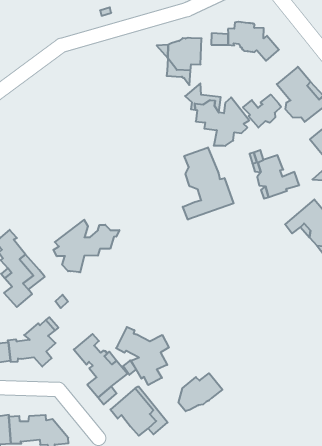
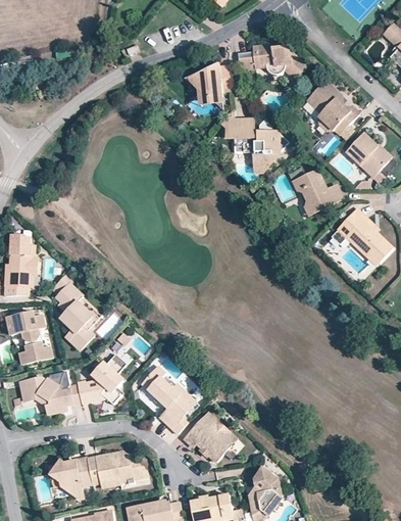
building: [243,95,281,128] -> none
building: [183,147,234,220] -> none
building: [53,220,119,272] -> none
building: [116,327,169,385] -> none
building: [179,373,222,411] -> none

